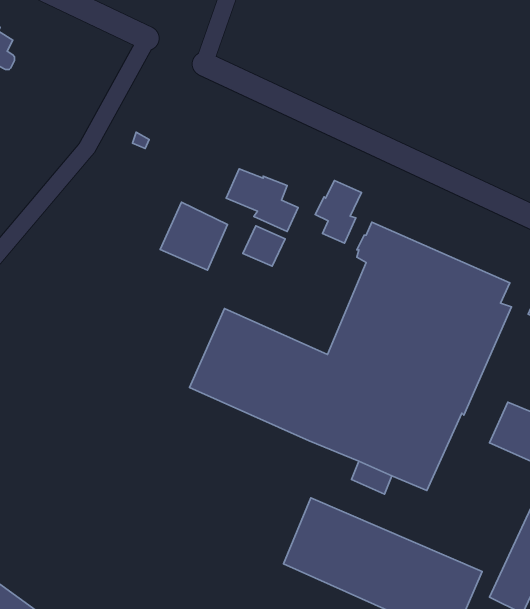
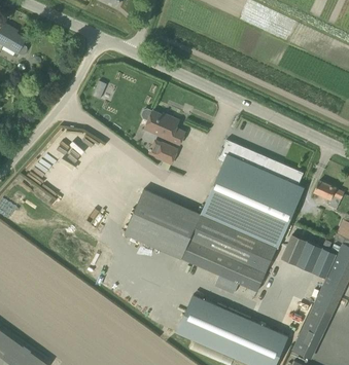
building: [315,181,361,243] -> none
building: [160,202,227,270] -> none

